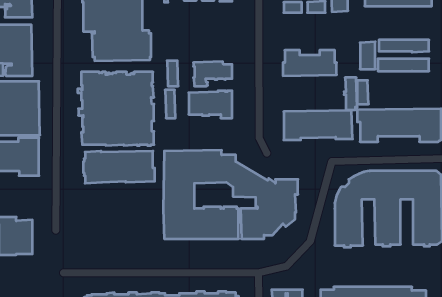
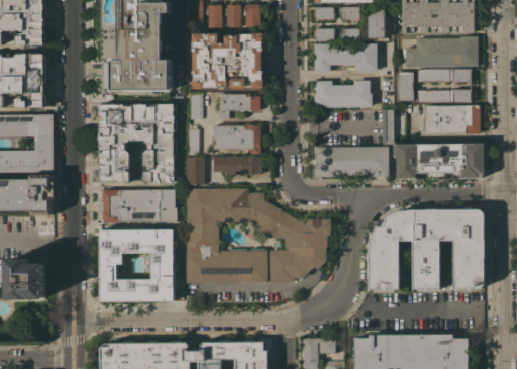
building: none -> [192,33,263,89]
building: none -> [402,36,478,67]
building: none -> [315,43,377,72]
building: none -> [424,105,480,134]
building: none -> [212,156,261,175]
building: none -> [187,157,204,185]
building: none -> [99,229,174,301]

